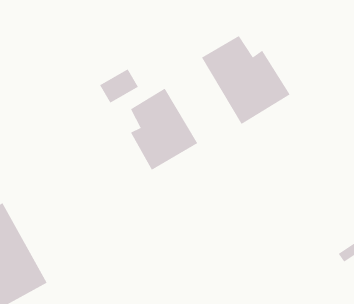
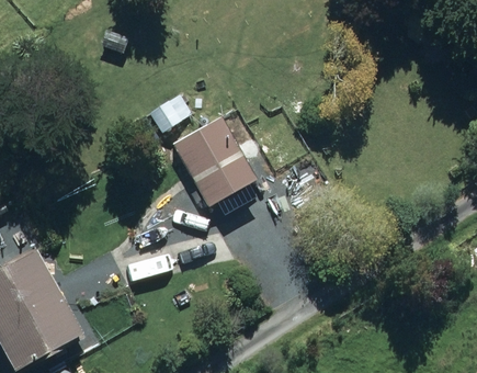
building: [201,35,290,125] -> none

